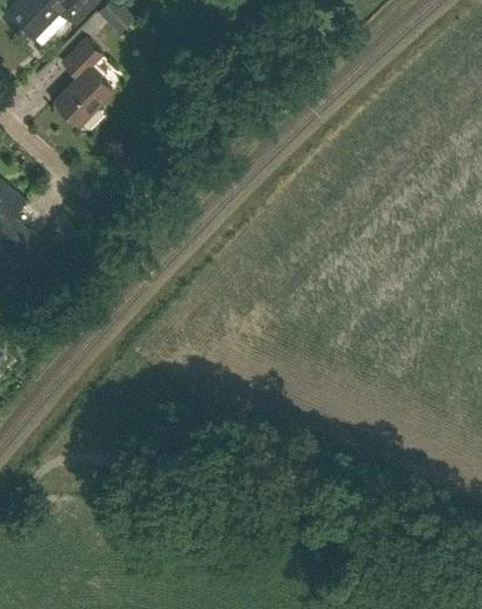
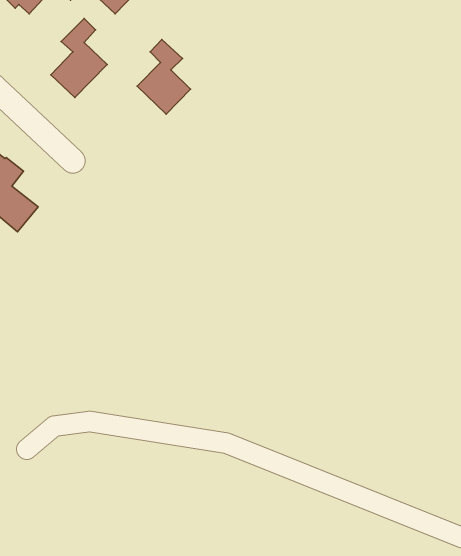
building: none -> [137,40,191,114]

